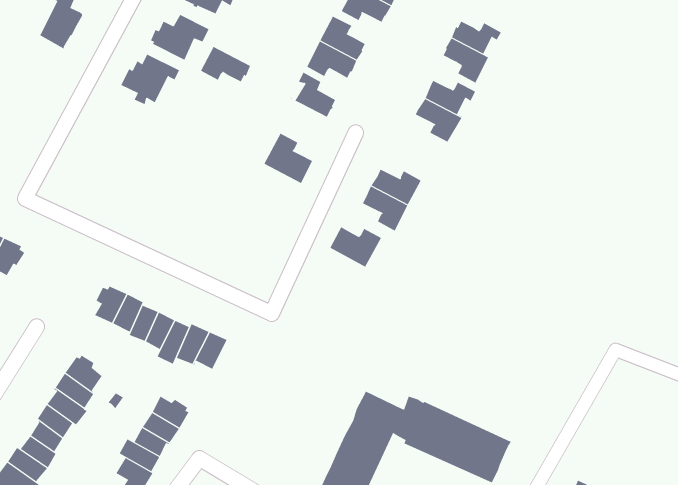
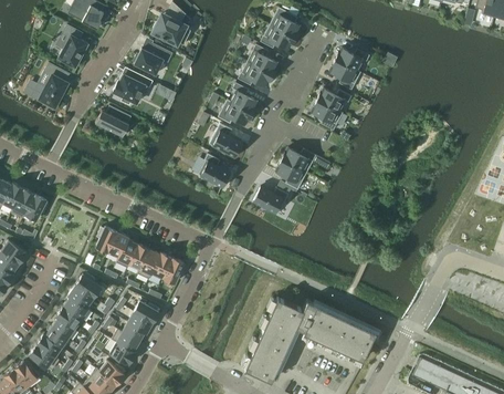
building: none -> [40,63,69,110]
building: [200,46,251,82] -> [219,101,253,125]
building: none -> [96,106,133,138]
building: none -> [199,154,231,188]

